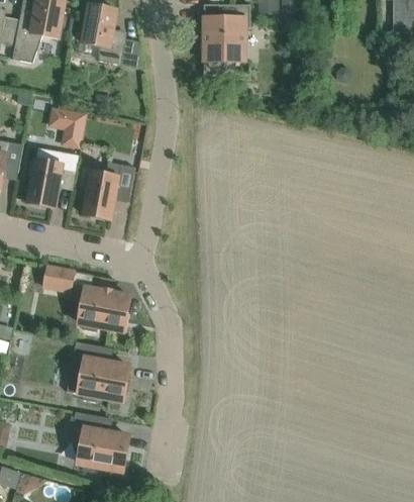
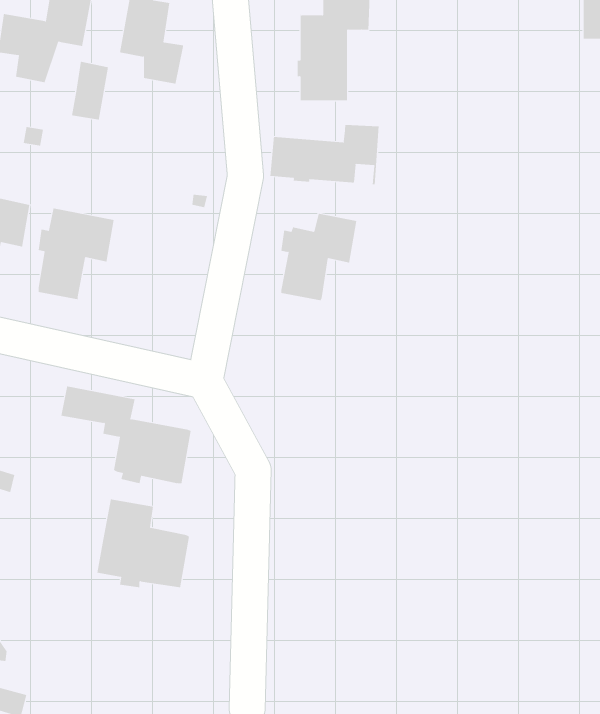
building: none -> [270,124,379,185]
building: [61,109,86,148] -> [71,61,109,120]
building: [83,161,134,219] -> [280,213,357,301]
building: [70,410,129,471] -> none

